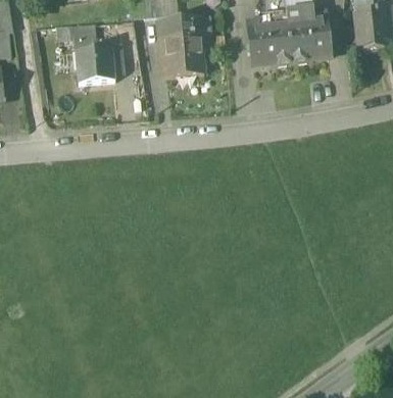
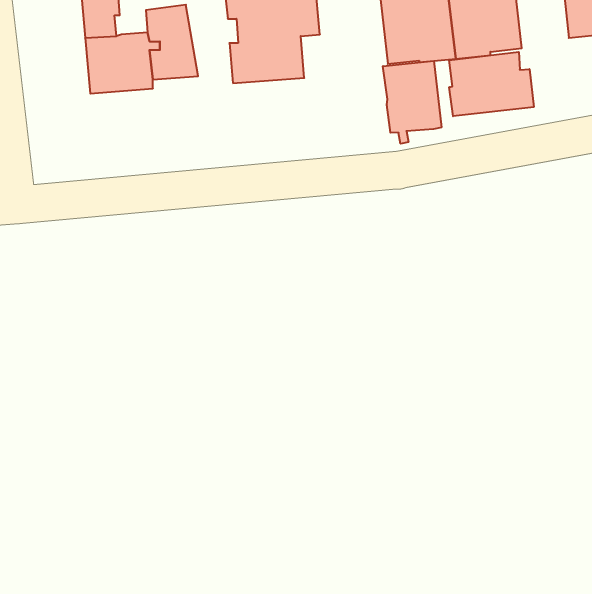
building: none -> [449,52,534,116]
building: none -> [383,61,441,144]

